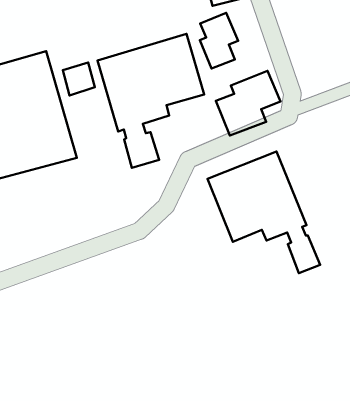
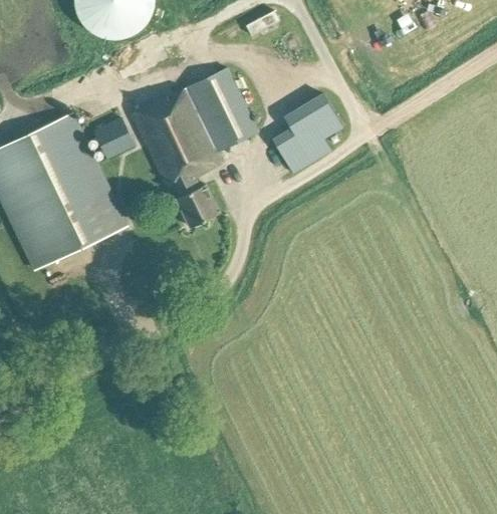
building: [200,13,238,69] -> none
building: [207,151,320,273] -> none

